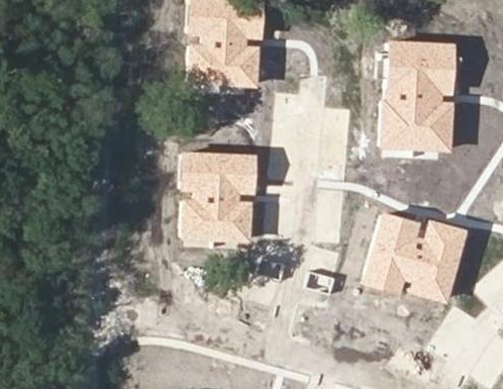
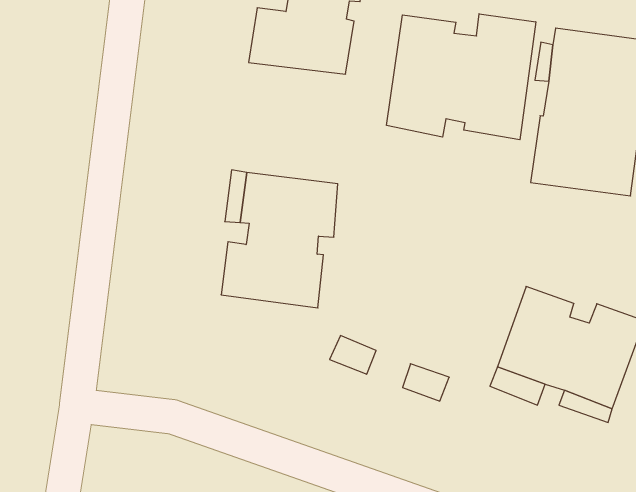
building: none -> [387,14,536,140]

